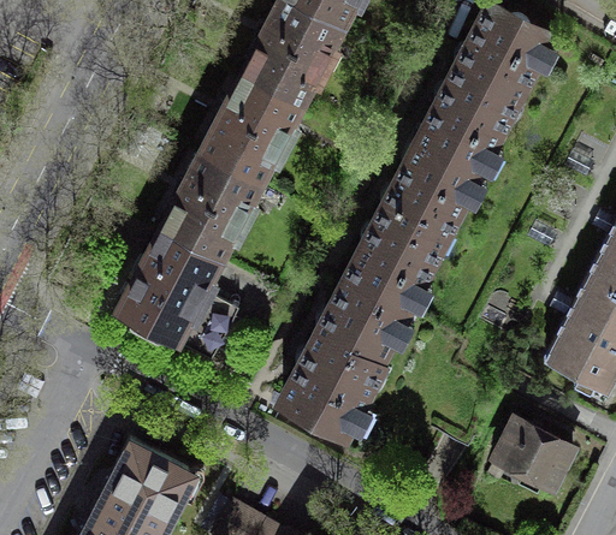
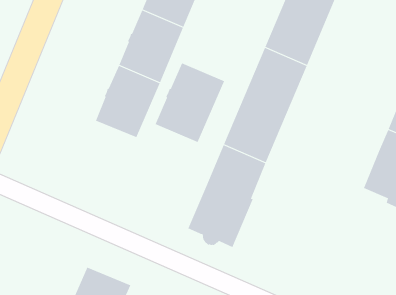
building: none -> [155,62,225,143]
building: [117,228,238,359] -> none
building: [492,415,573,494] -> none

